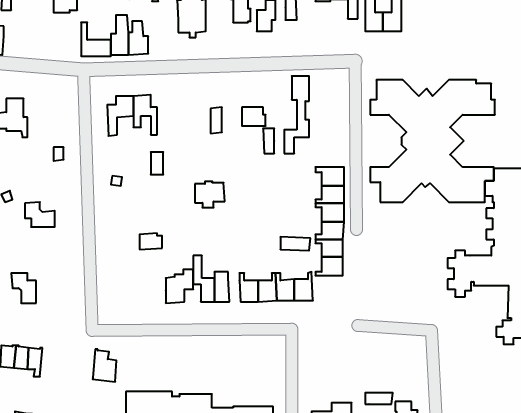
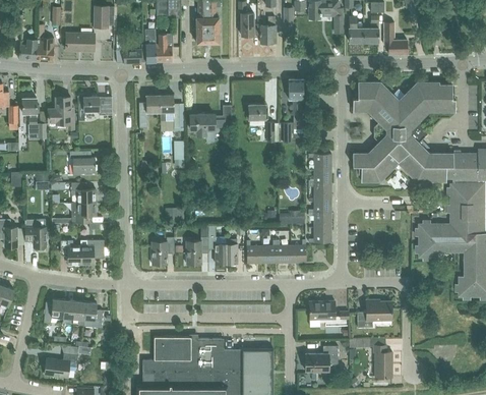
building: none -> [383,23,407,55]
building: none -> [65,33,95,51]
building: none -> [77,97,105,121]
building: none -> [69,151,96,175]
building: [195,181,225,208] -> [190,113,215,134]
building: none -> [71,203,96,223]
building: none -> [151,237,174,265]
building: none -> [80,240,104,265]
building: none -> [357,300,391,328]
building: none -> [309,301,335,320]
building: [93,349,116,382] -> [83,301,103,328]

